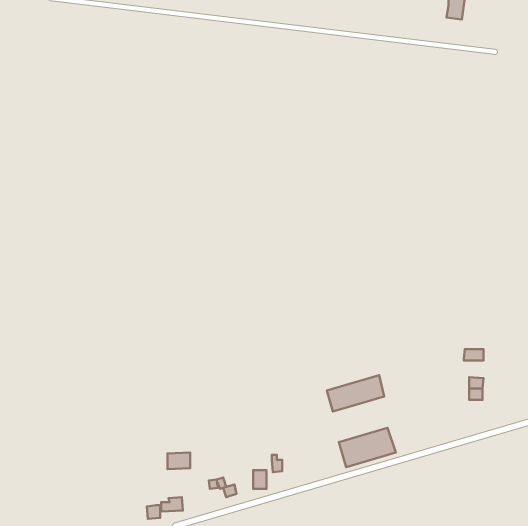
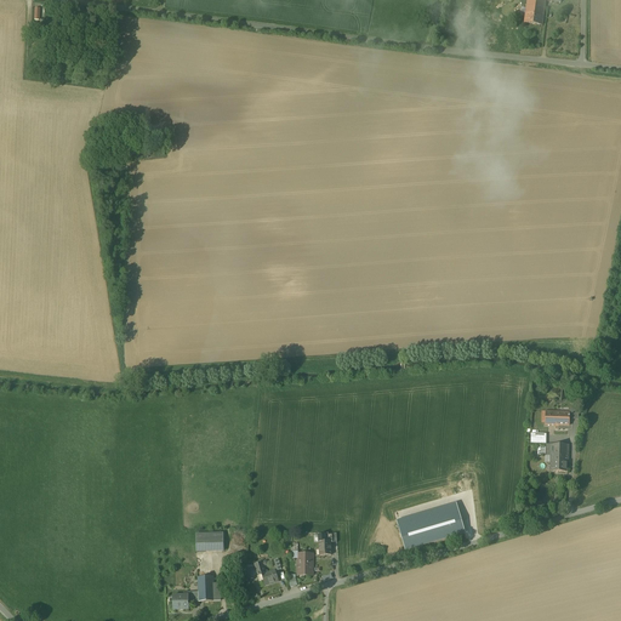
building: [327,375,384,411] -> none

